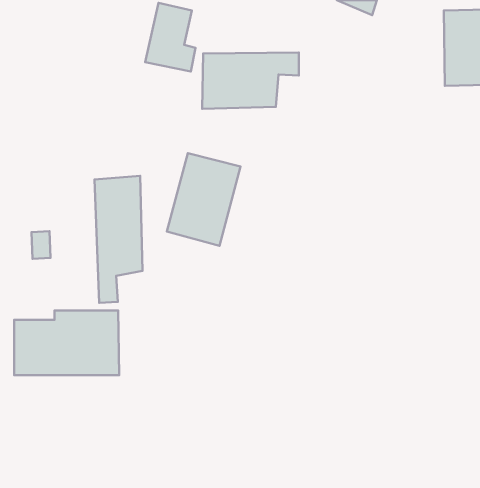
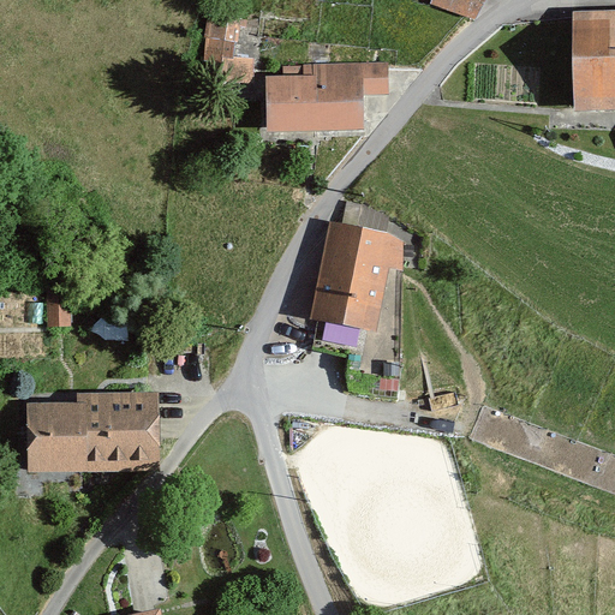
building: [167,153,240,246] -> [311,216,404,333]
building: [95,176,143,303] -> none

